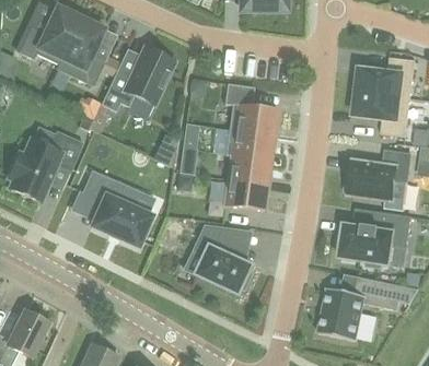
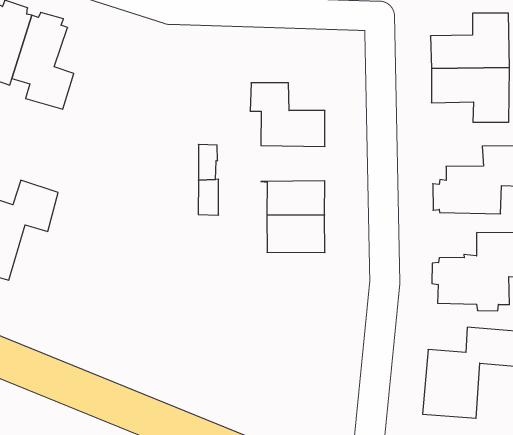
building: [101,45,174,110] -> none
building: [225,129,274,160] -> none
building: [82,170,151,246] -> none
building: [194,225,251,293] -> none

